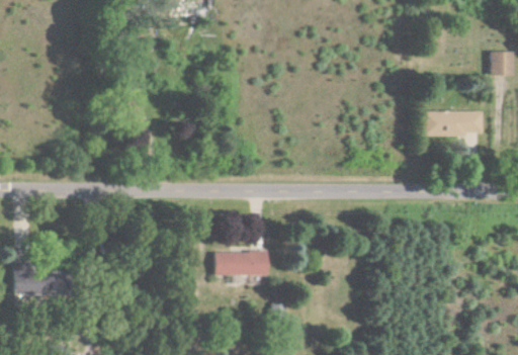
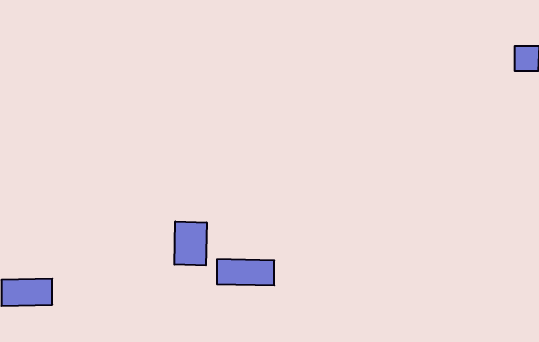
building: [425,111,485,135] -> none
building: none -> [174,221,207,265]

